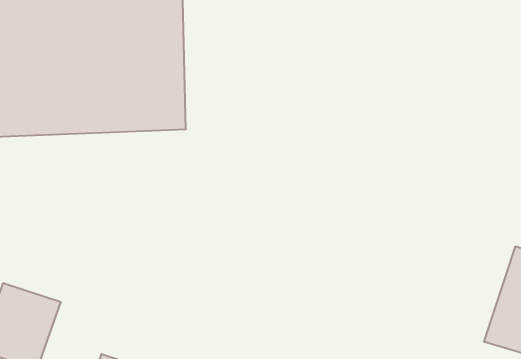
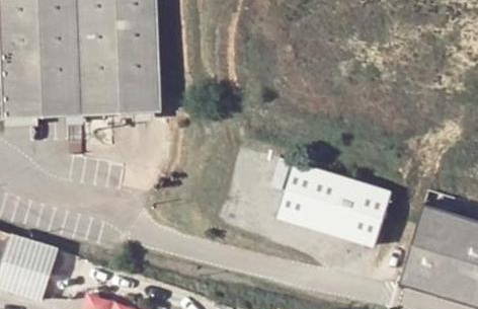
building: none -> [277,164,393,248]

